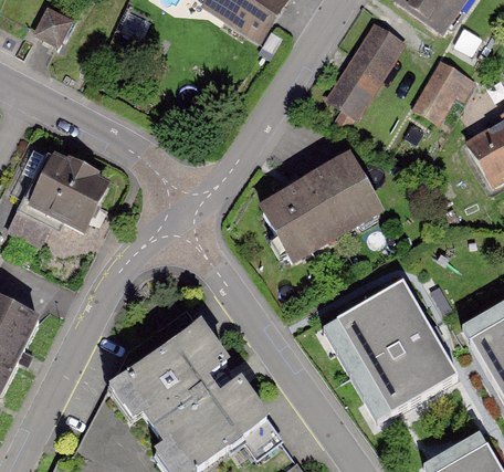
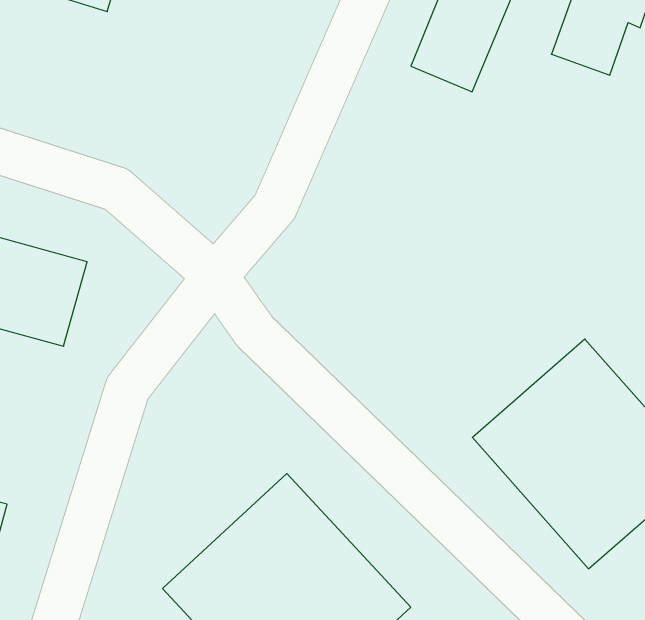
building: [259,155,380,266] -> none

